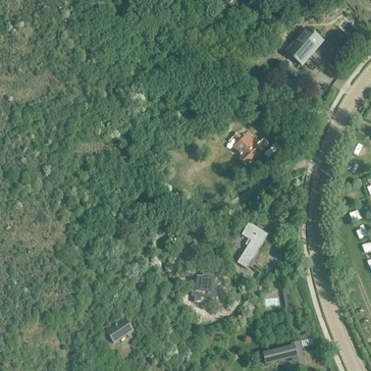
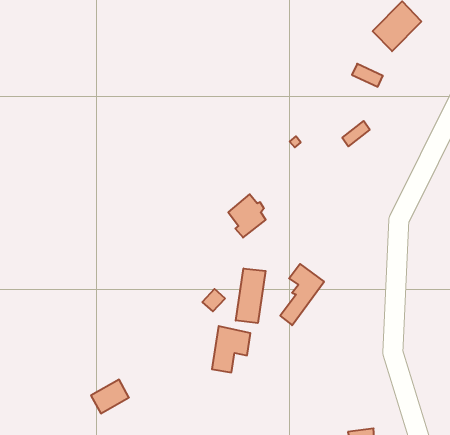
building: [233,131,261,163] -> [228,194,266,238]
building: none -> [236,268,266,323]

